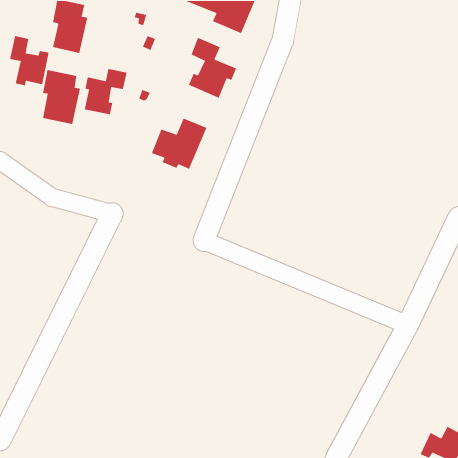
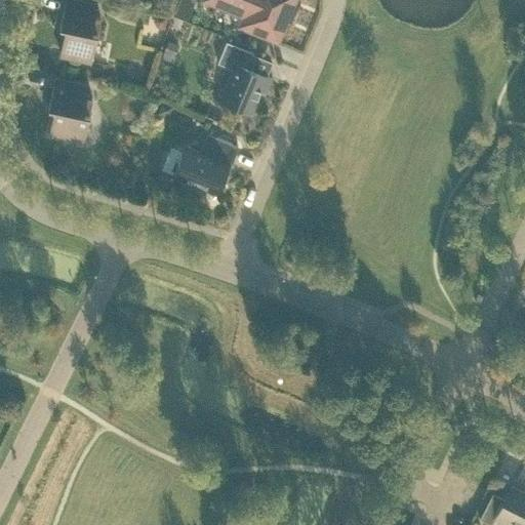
building: [9,35,50,86] -> none
building: [84,68,128,115] -> none

